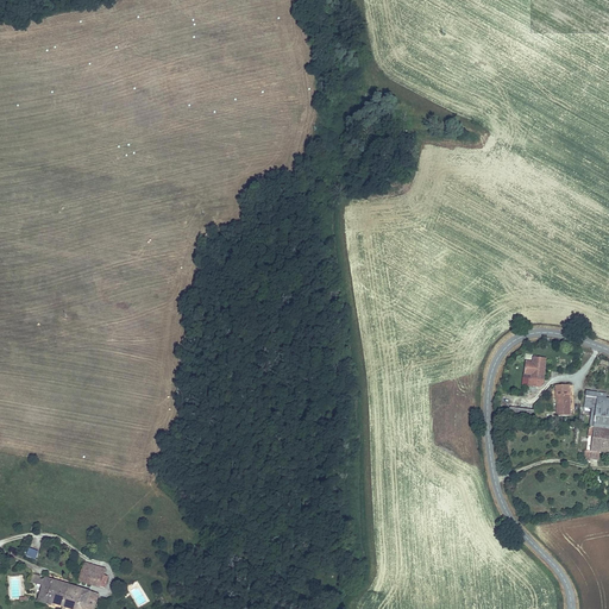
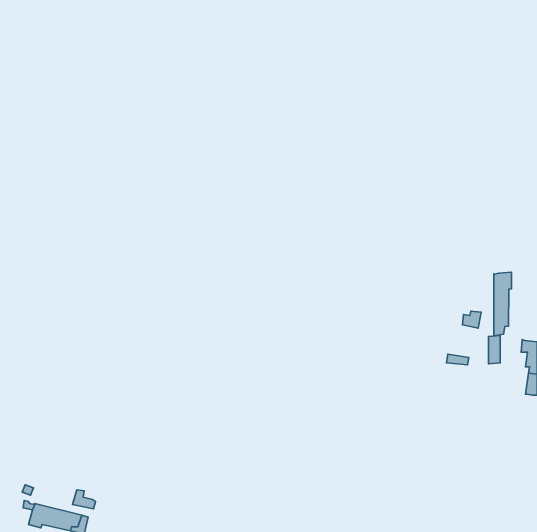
building: none -> [494,272,512,336]

